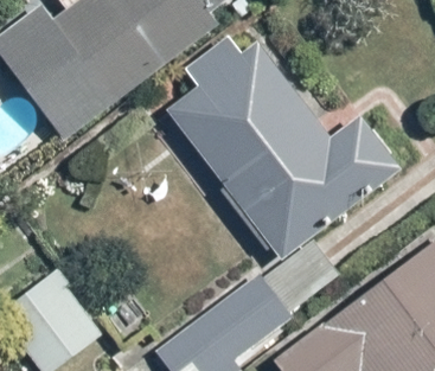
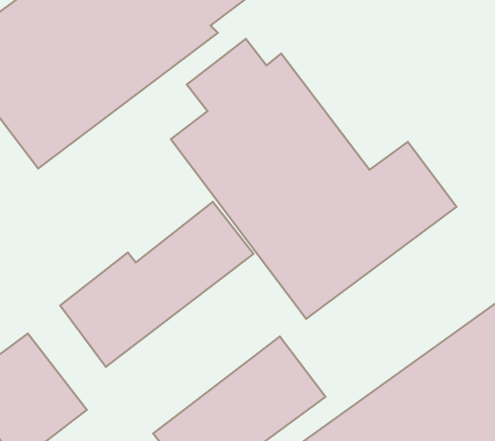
building: none -> [60,202,254,367]

